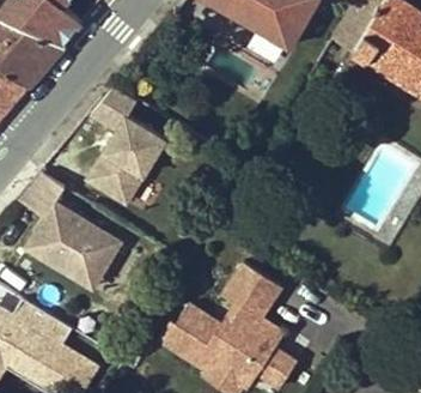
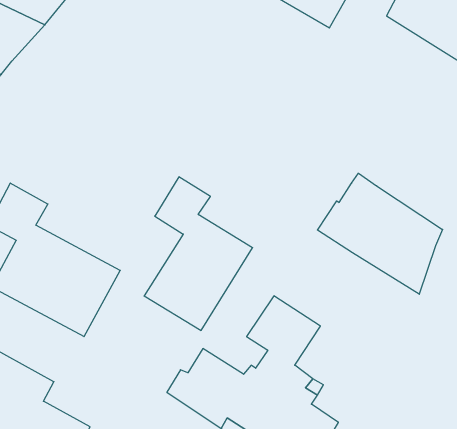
building: [81,86,167,208] -> [144,177,253,330]
building: none -> [317,173,443,294]

